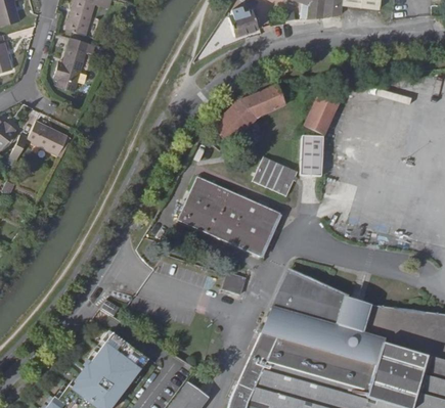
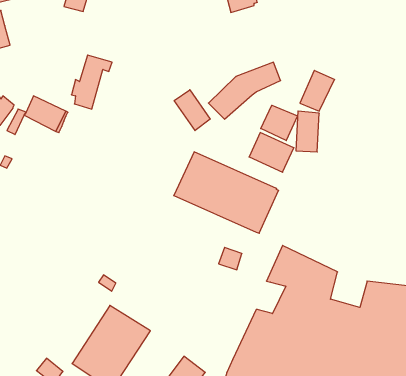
building: [54,37,95,91] -> [71,55,112,109]
building: none -> [174,90,210,131]
building: none -> [261,105,298,141]
building: [335,297,371,332] -> none
building: [261,307,290,338] -> none

